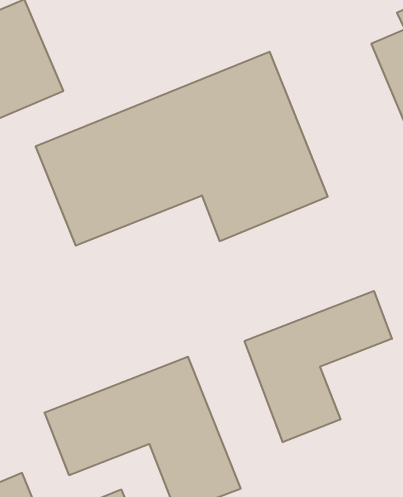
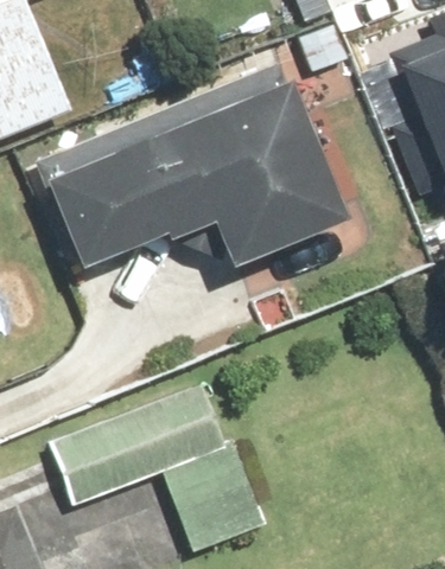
building: [245,291,392,442] -> none

